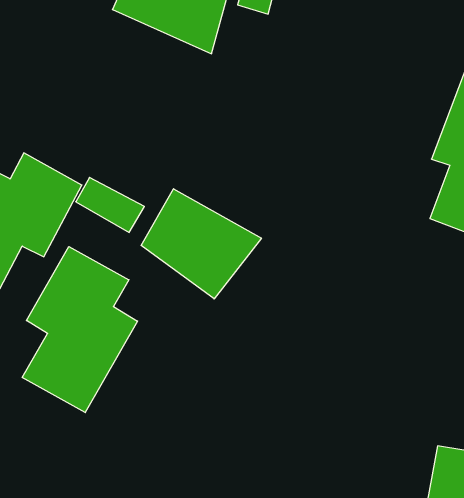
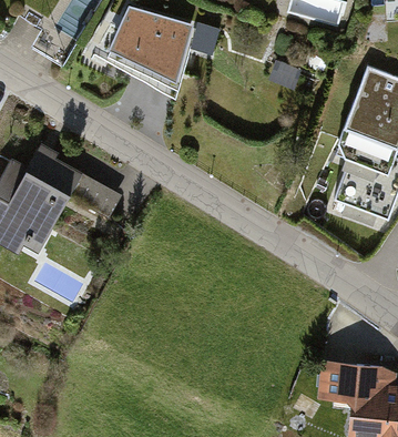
building: [141,189,261,299] -> none
building: [22,247,138,413] -> none

